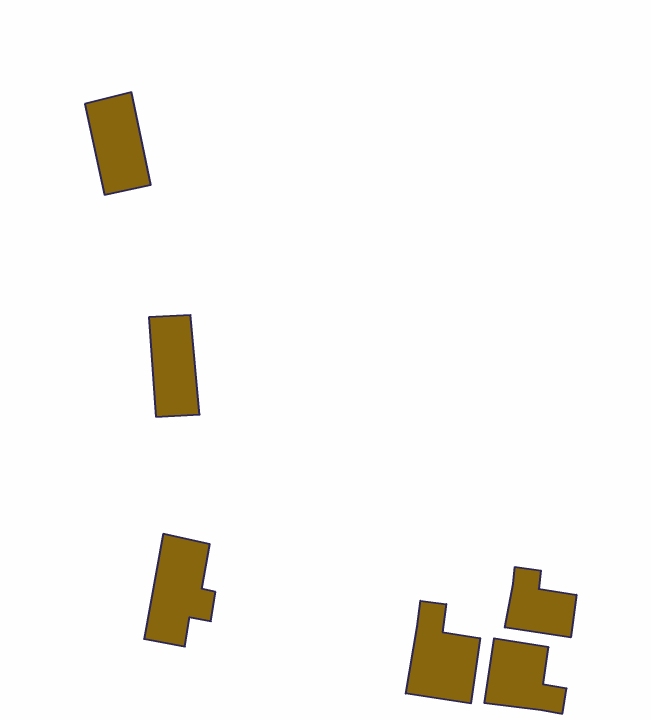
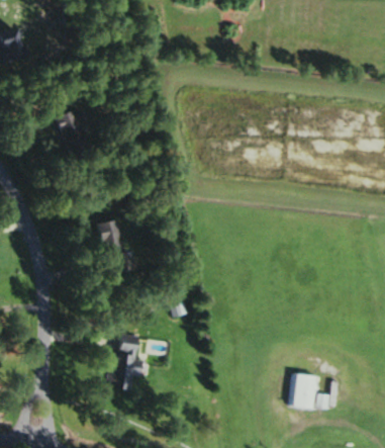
building: [505,567,576,637] -> none
building: [406,601,480,703] -> none

